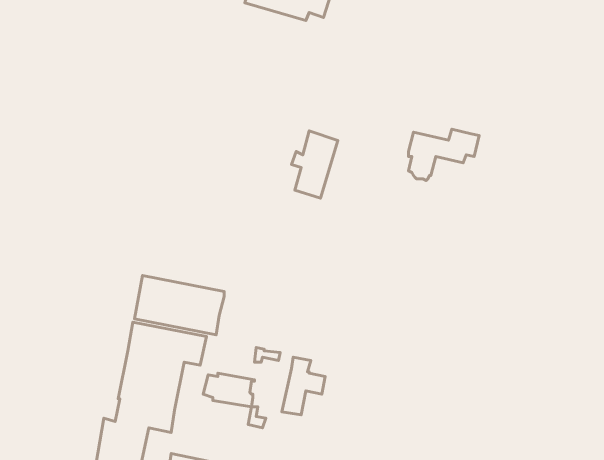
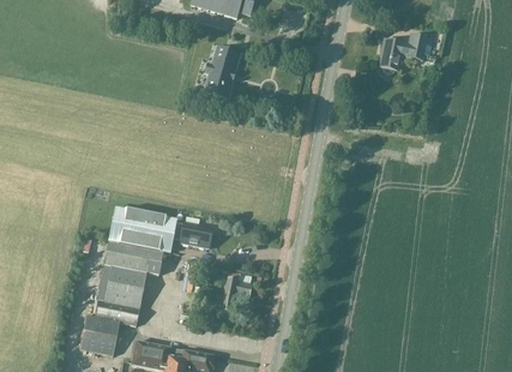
building: [409,129,479,180] -> [380,35,433,73]
building: [291,131,338,198] -> [204,46,239,96]
building: [203,373,255,407] -> [173,222,211,247]

